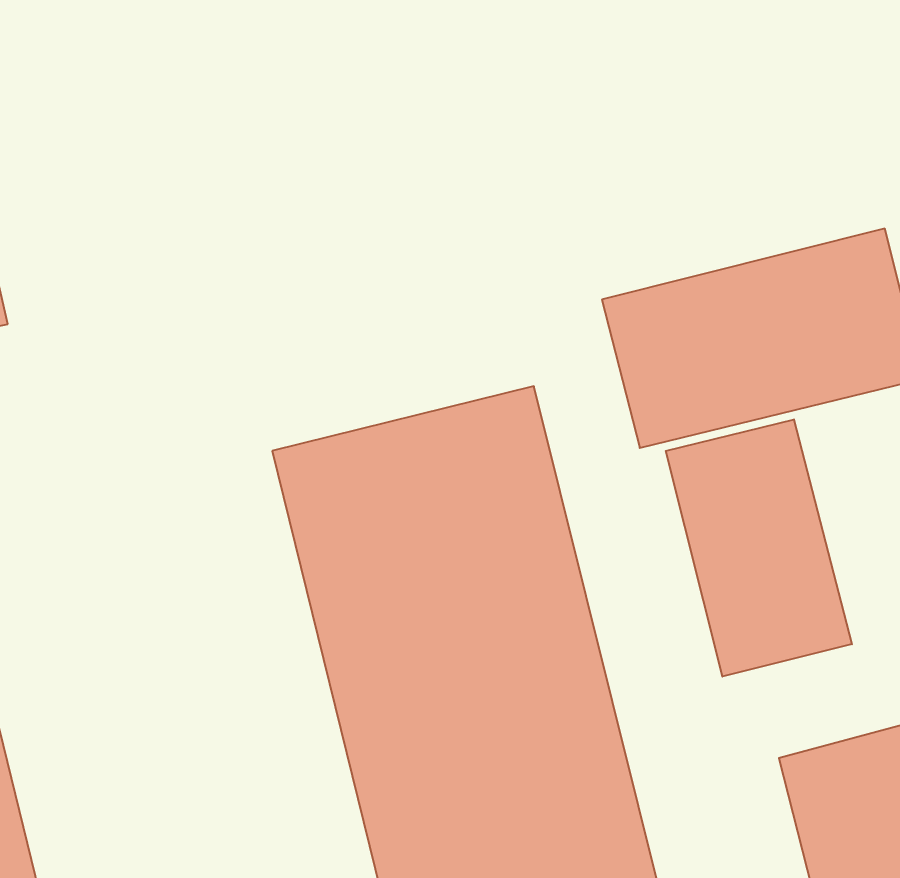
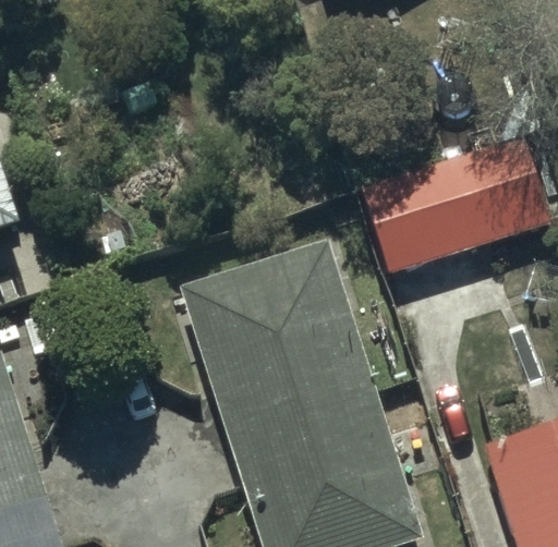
building: [666,419,852,677] -> none

